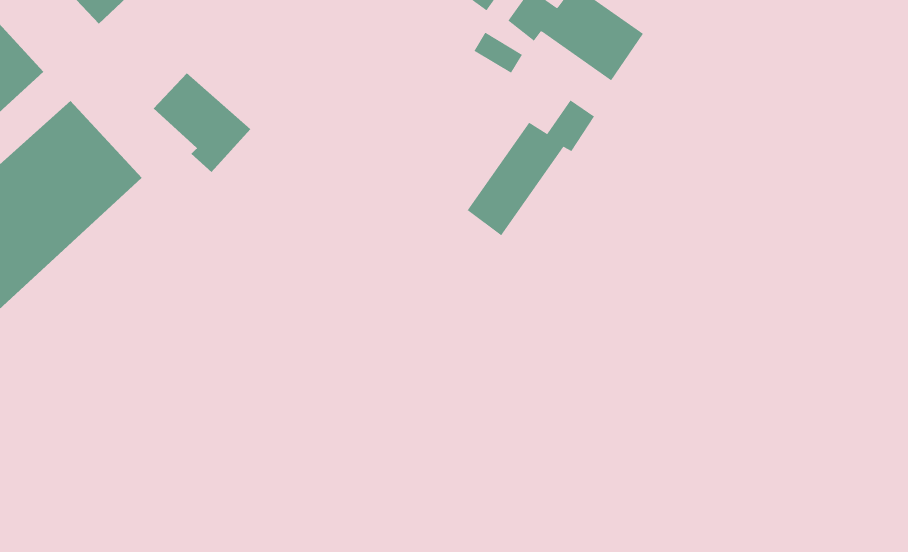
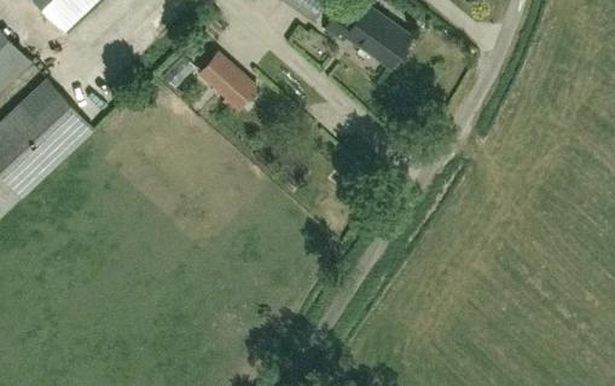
building: [153,72,251,173] -> [197,50,260,114]
building: [467,99,595,236] -> none

